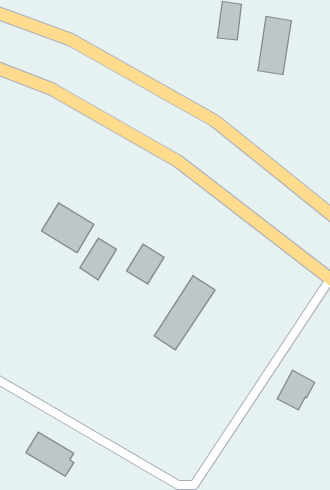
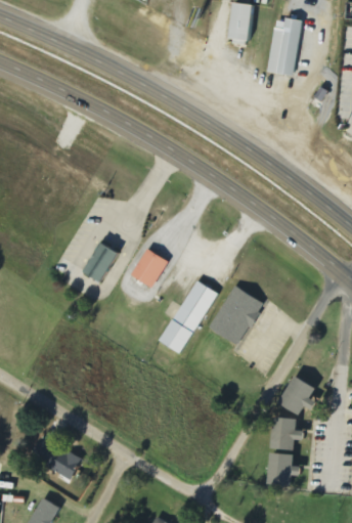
building: [42,203,94,253] -> none
building: none -> [208,284,264,345]
building: none -> [273,417,302,450]
building: none -> [268,452,297,487]

